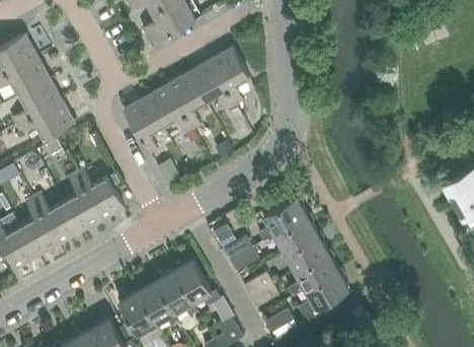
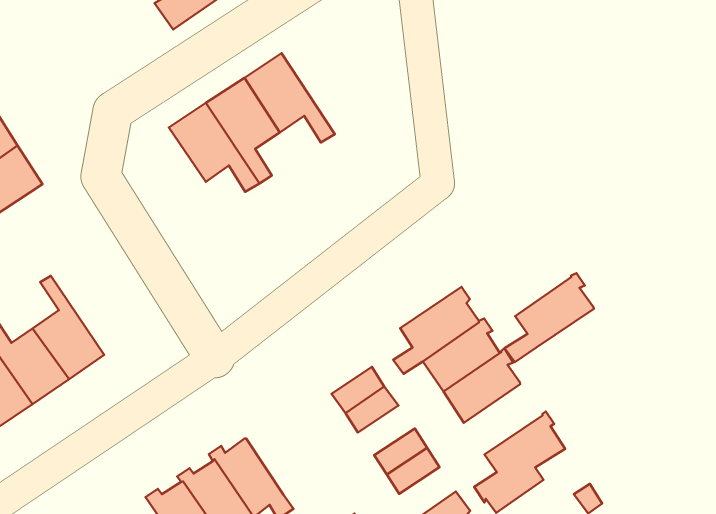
building: [210,48,249,107] -> none
building: [123,96,163,155] -> none
building: [74,167,123,219] -> none
building: [289,250,339,296] -> [505,273,594,362]
building: [172,261,221,306] -> none

